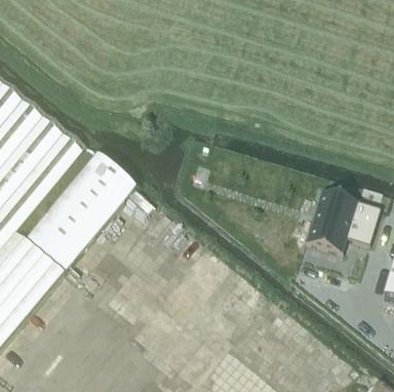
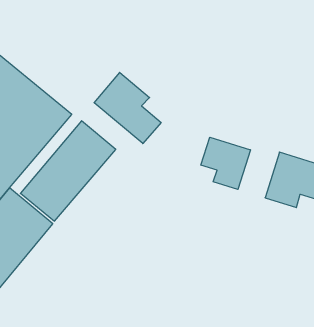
building: none -> [94,72,161,144]
building: none -> [201,137,250,189]

